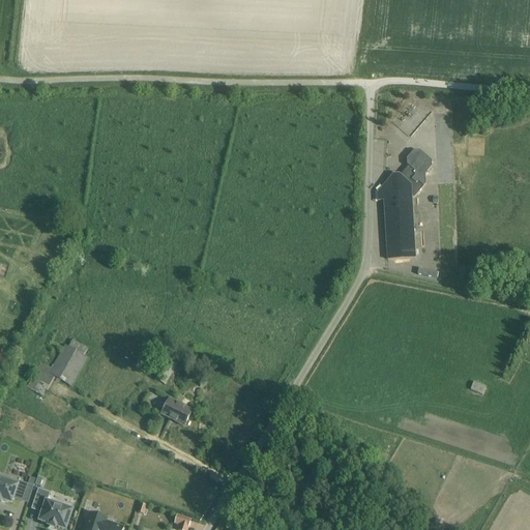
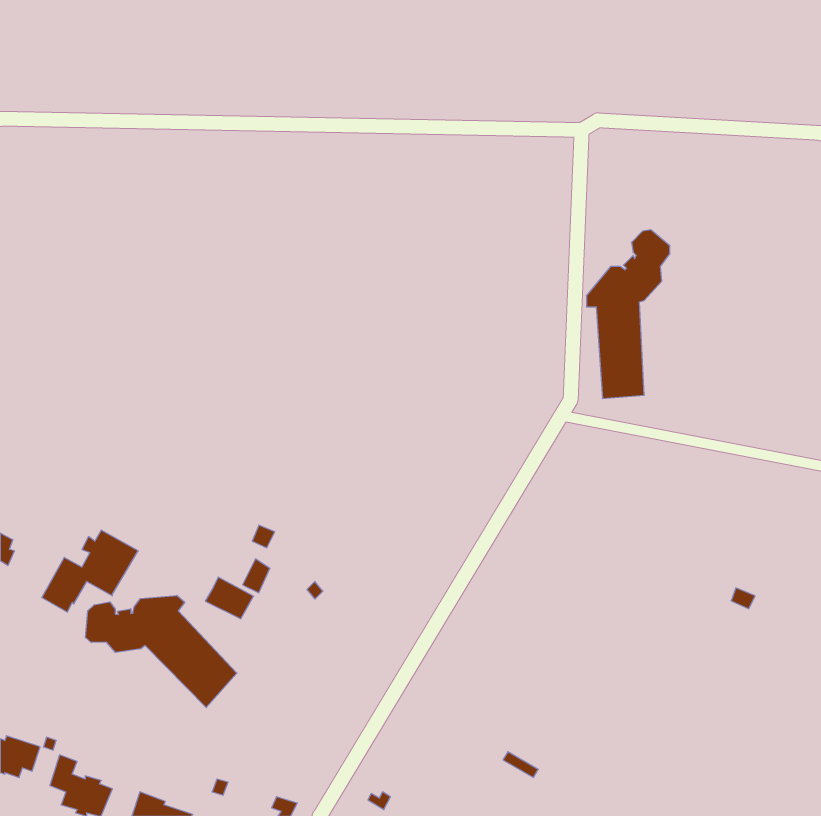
building: none -> [86,595,237,708]
building: [161,396,193,423] -> [205,577,254,619]

